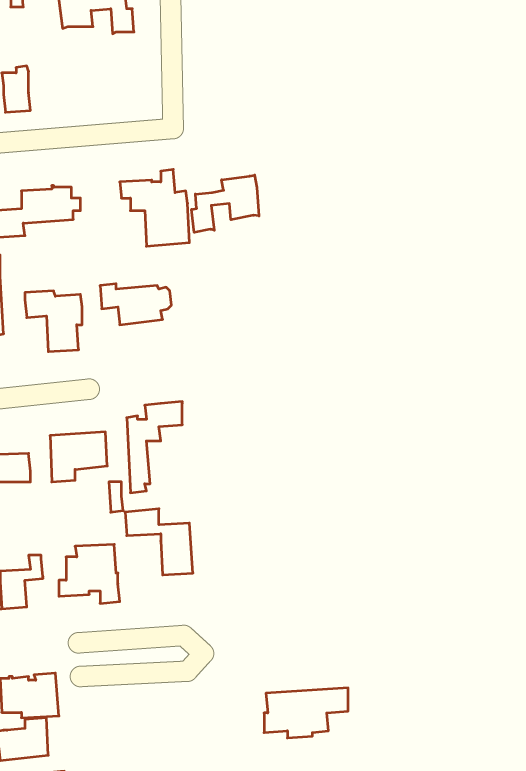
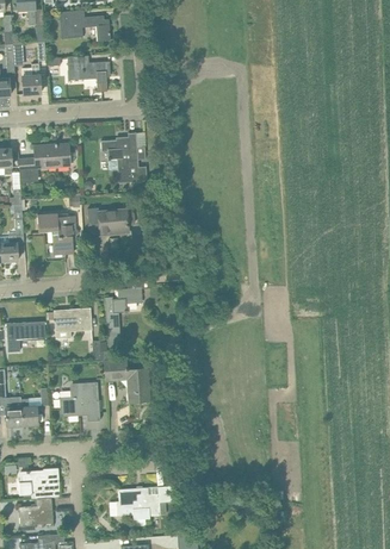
building: none -> [67,55,110,92]
building: [192,175,259,232] -> none
building: [264,688,348,738] -> [117,486,173,519]

